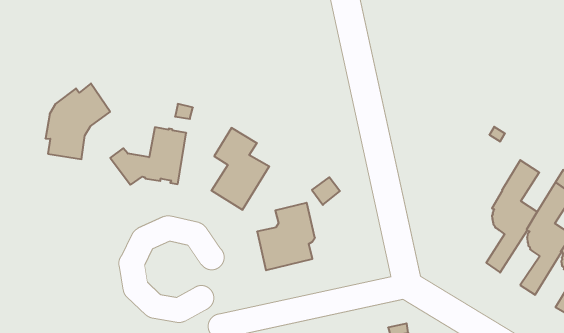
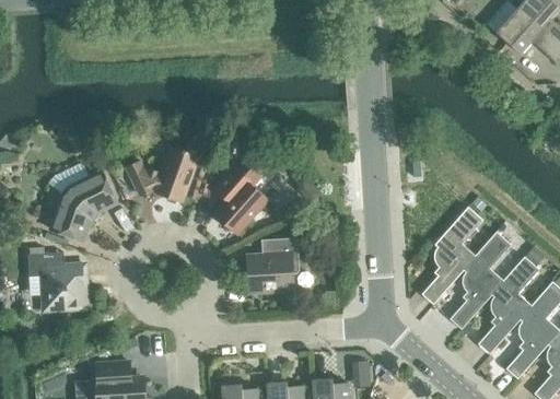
building: [45,83,110,159] -> [54,174,116,240]
building: none -> [421,207,482,304]
building: none -> [27,253,88,309]

